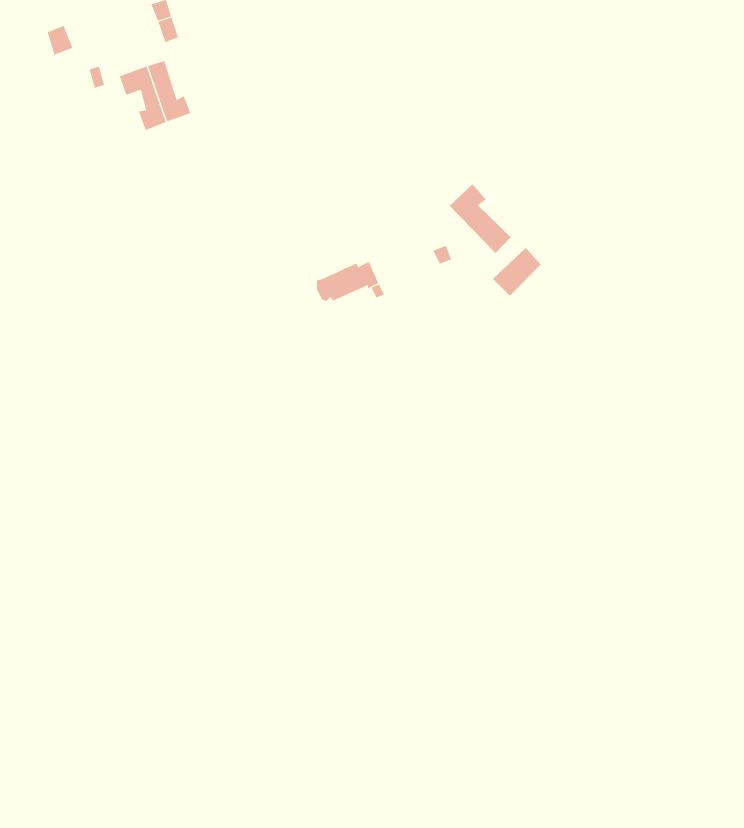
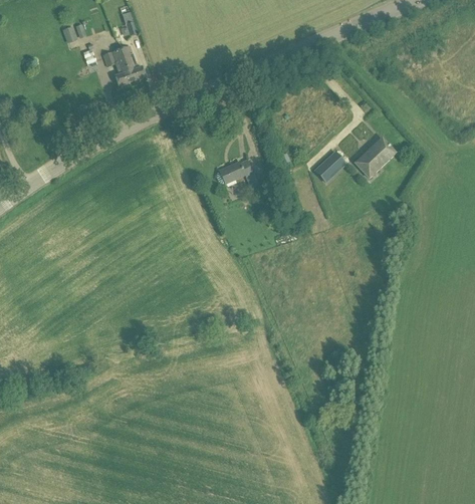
building: [449,183,511,254] -> none
building: none -> [354,139,394,177]

